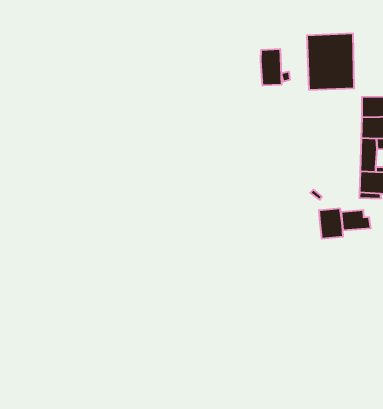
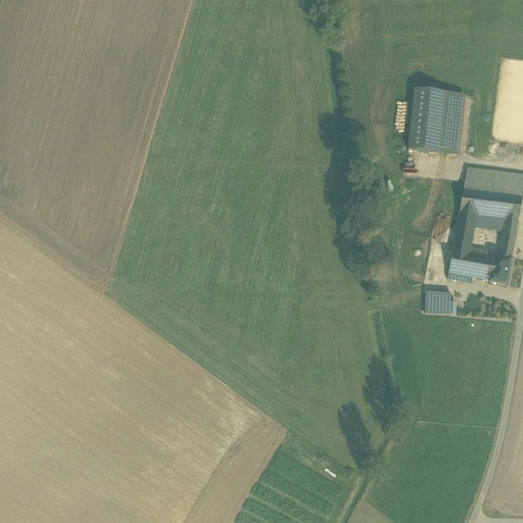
building: [261,49,282,86] -> none
building: [319,208,343,239] -> none

